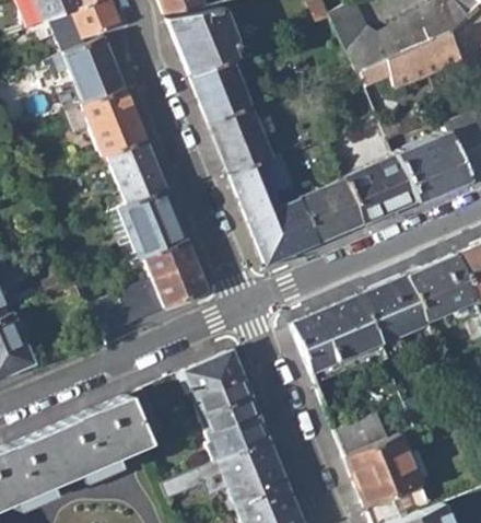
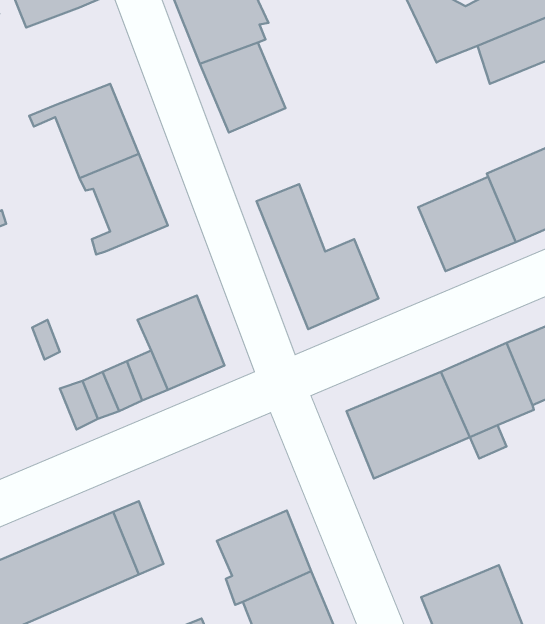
building: [64,38,125,105] -> none
building: [210,107,271,174] -> none
building: [300,181,365,244] -> none
building: [121,191,187,260] -> none
building: [178,351,251,418] -> none
building: [337,415,390,458] -> none

